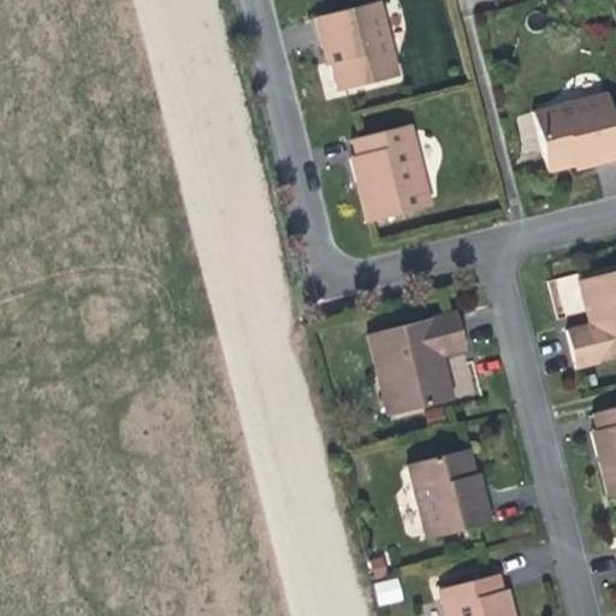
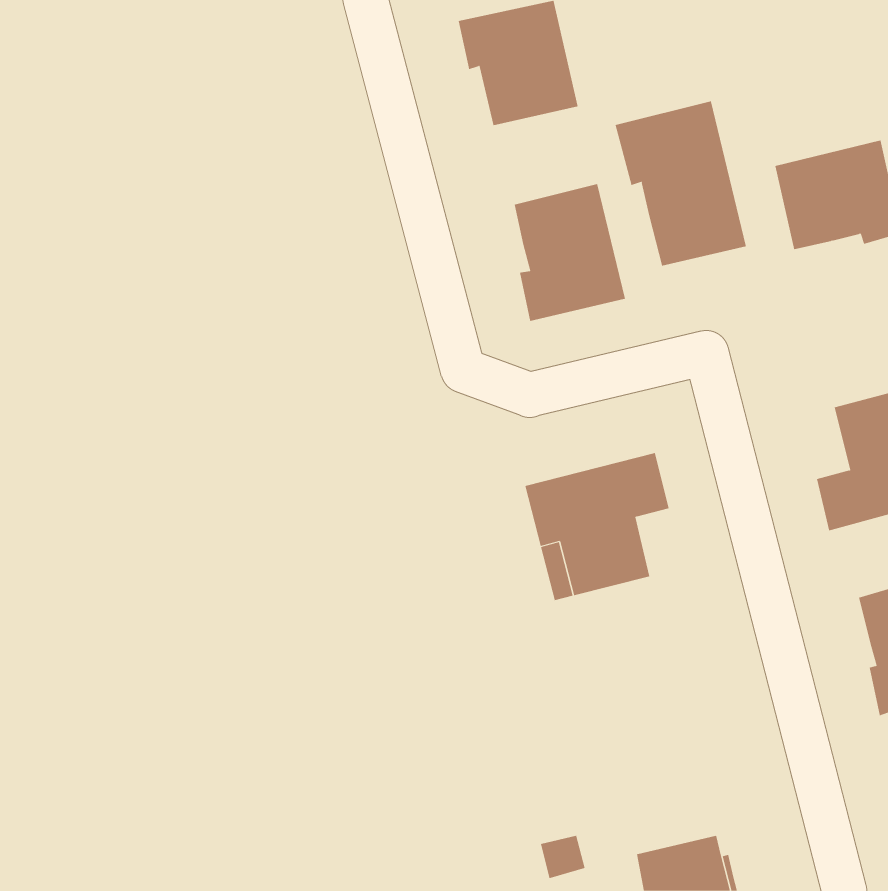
building: none -> [615,100,746,266]
building: [407,444,491,538] -> none

